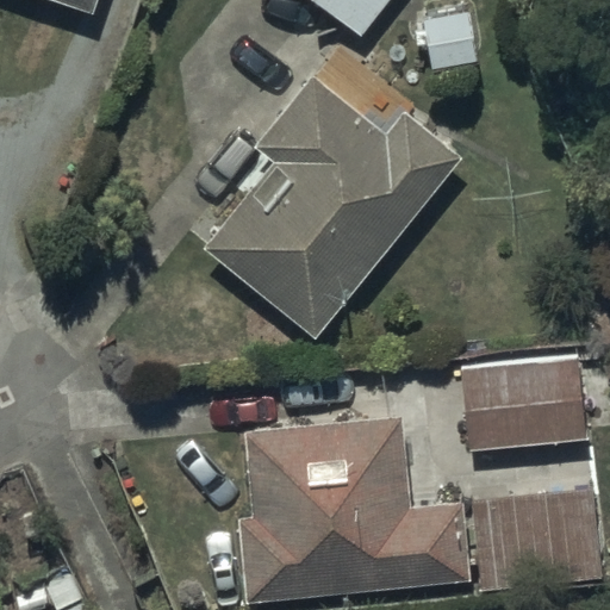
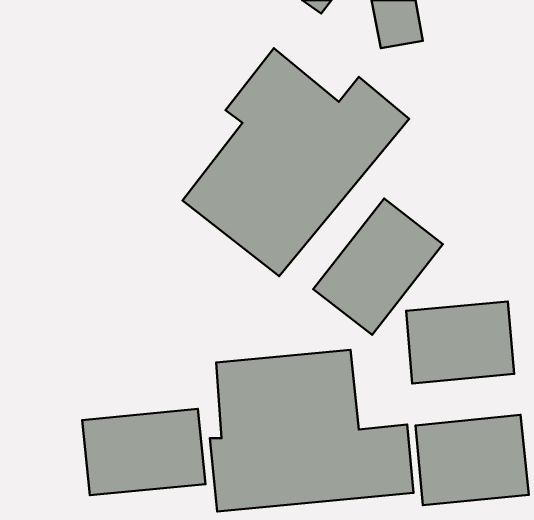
building: none -> [313,199,443,335]
building: none -> [82,409,205,495]

